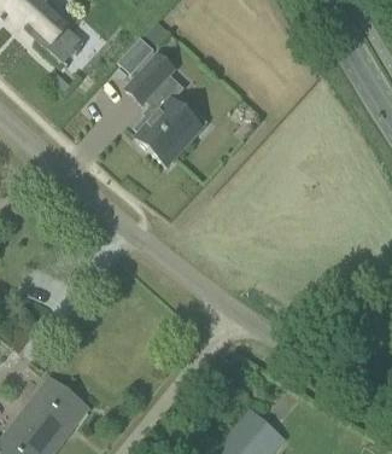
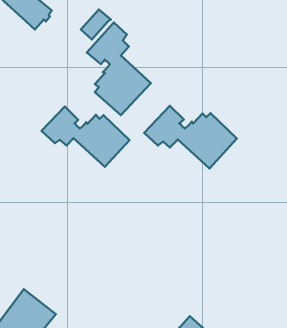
building: none -> [144,106,237,169]
building: none -> [42,107,129,167]

